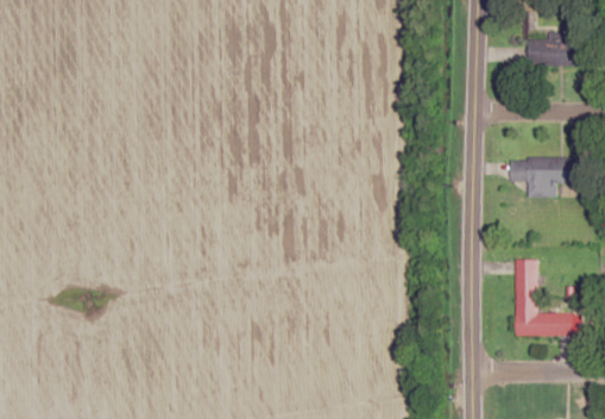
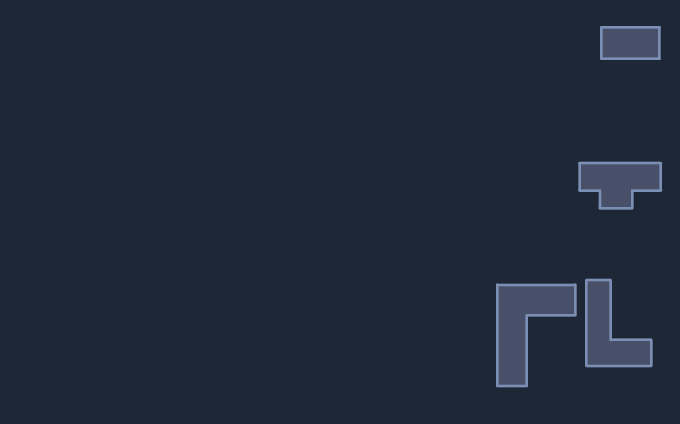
building: none -> [497,285,575,386]

